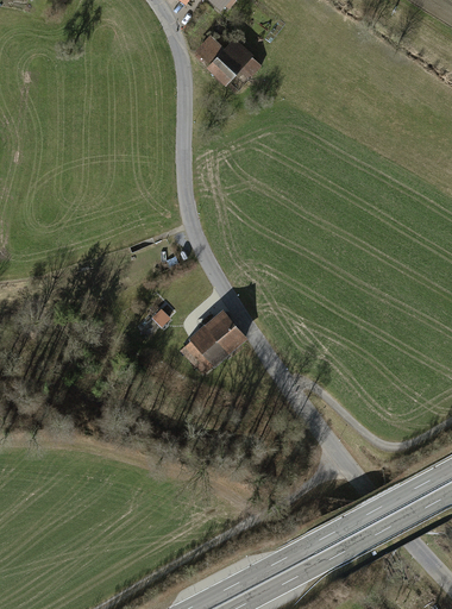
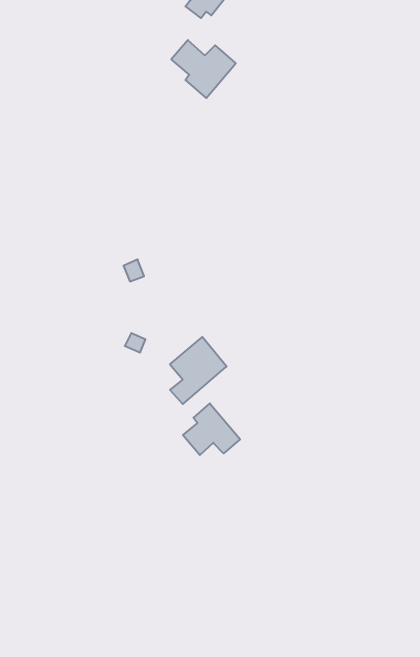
building: none -> [183,403,240,455]

